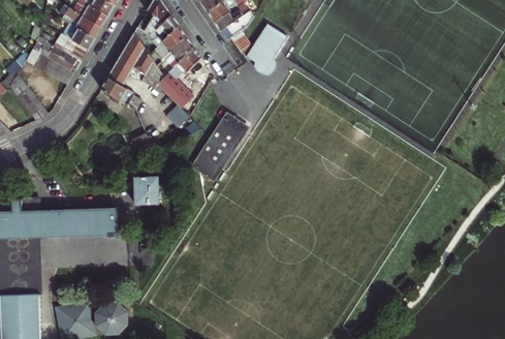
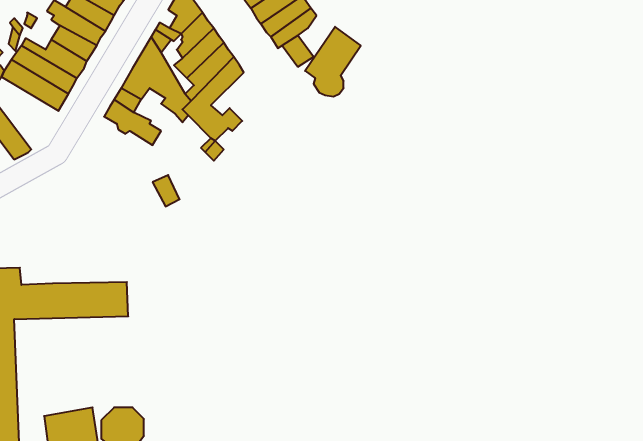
building: [190,113,248,183] -> none
building: [134,178,159,205] -> none

